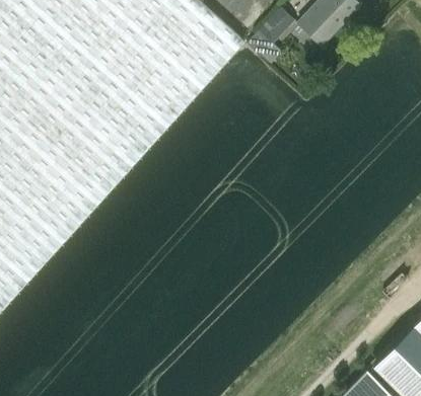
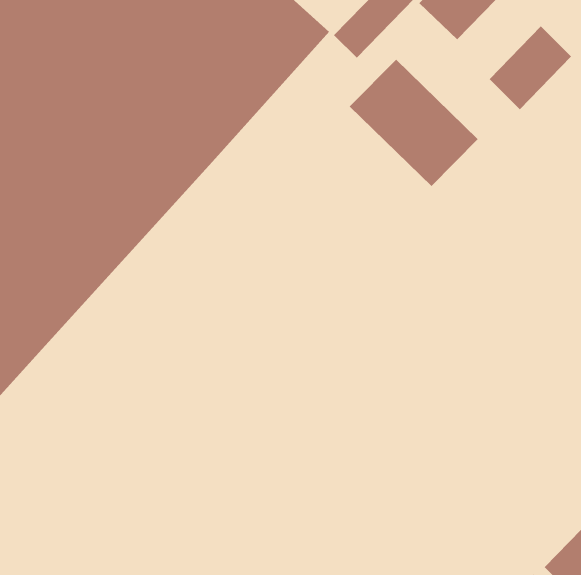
building: none -> [489,26,572,110]
building: none -> [349,59,479,187]

